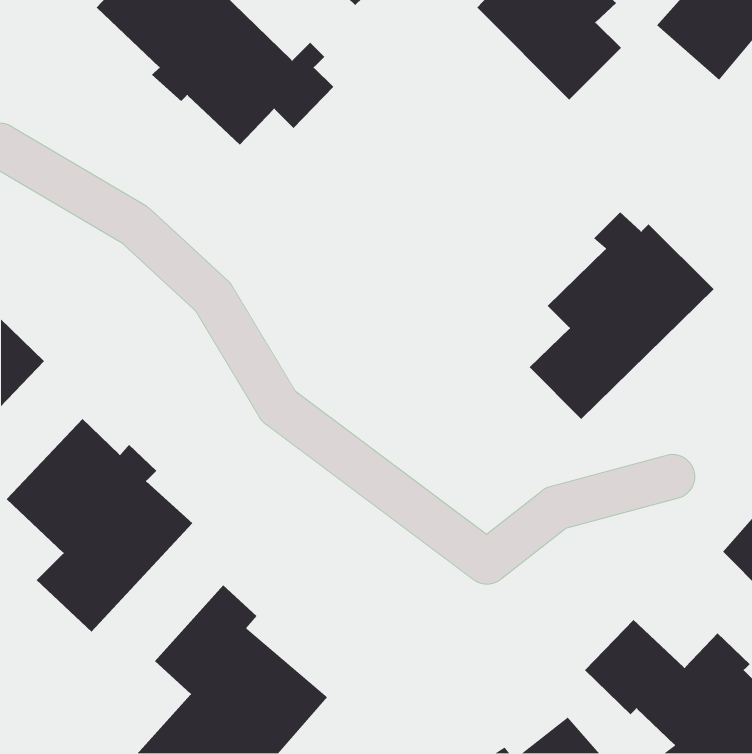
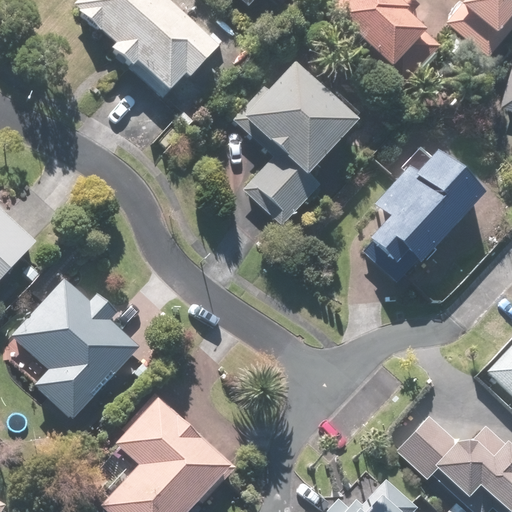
building: none -> [237,65,364,226]

